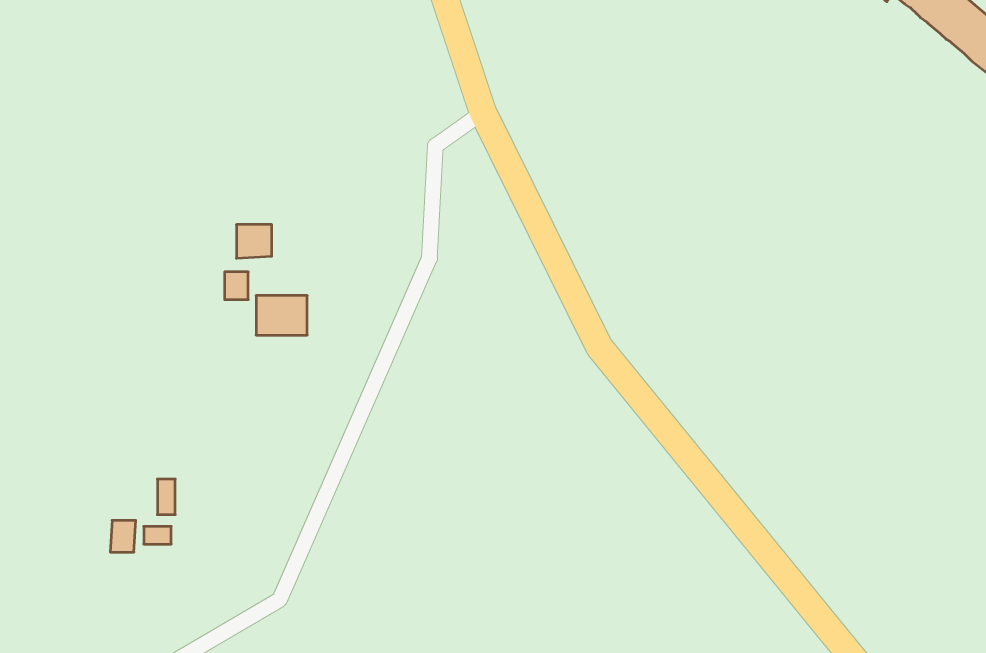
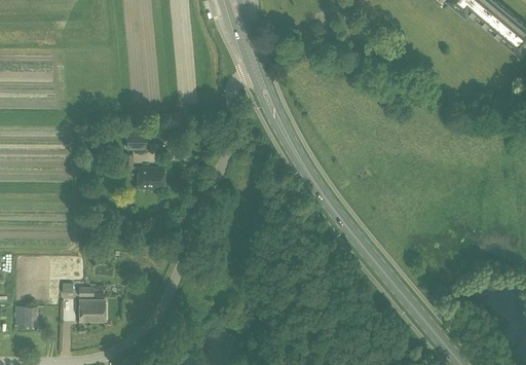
building: none -> [79,300,105,321]
building: none -> [16,304,38,325]

